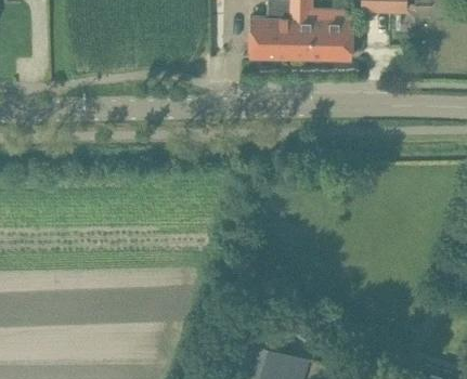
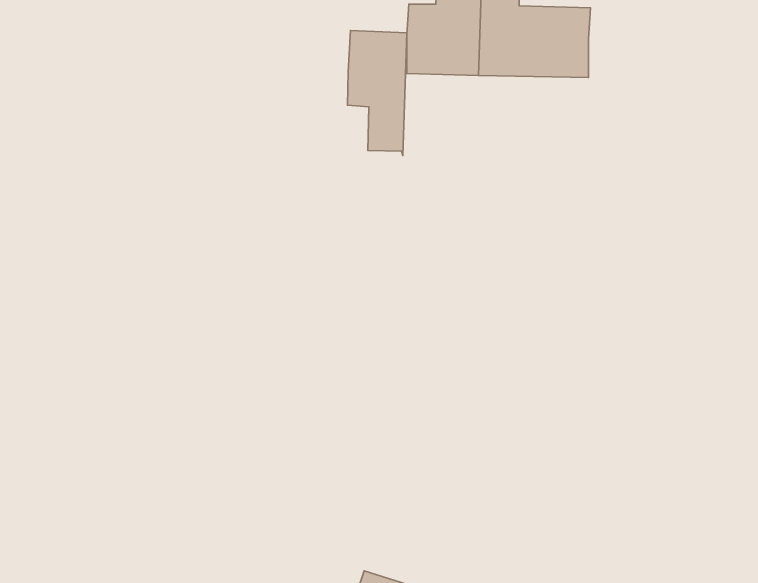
building: none -> [348,31,407,155]

